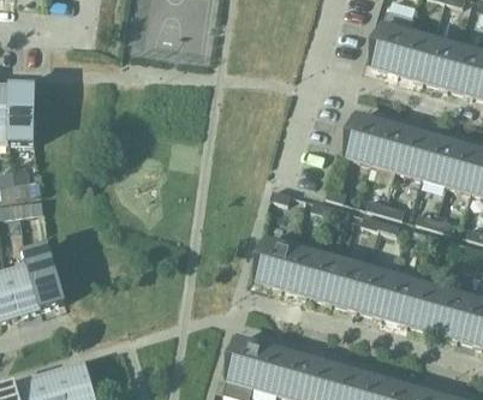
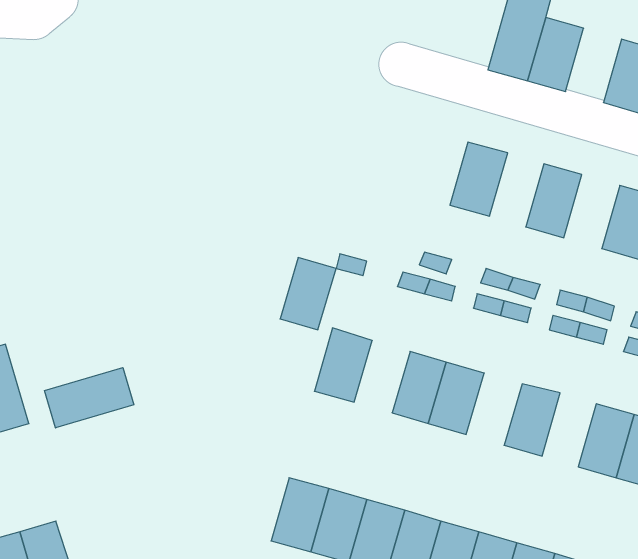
building: [422,37,459,86] -> none
building: [371,120,407,169] -> none
building: [421,135,458,184] -> none
building: [281,245,318,293] -> [280,258,336,330]
building: none -> [44,368,134,428]
building: [356,267,393,315] -> none
building: [406,280,442,329] -> none

